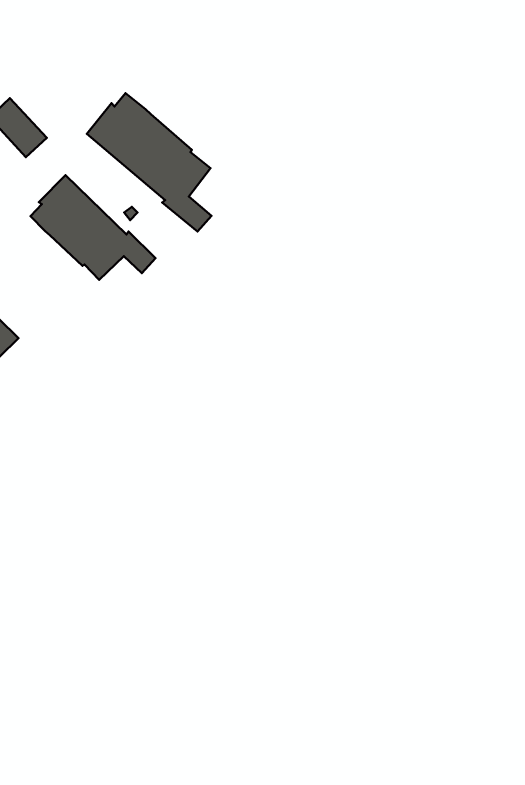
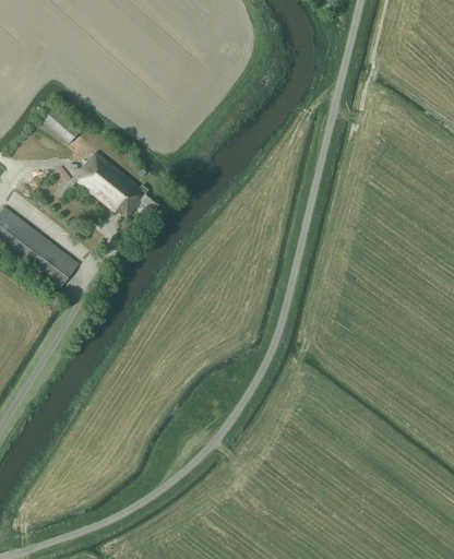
building: [87,93,212,232] -> none

